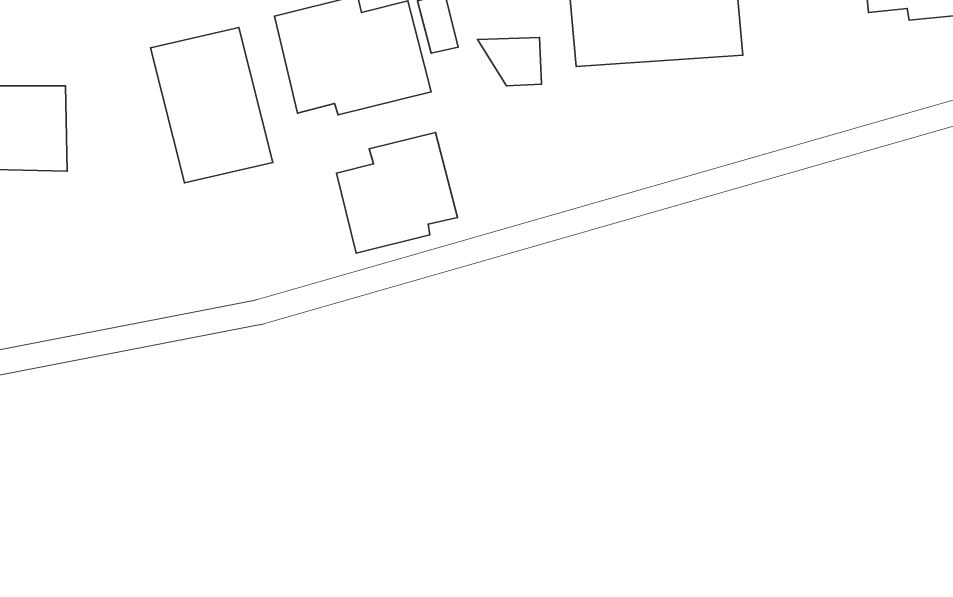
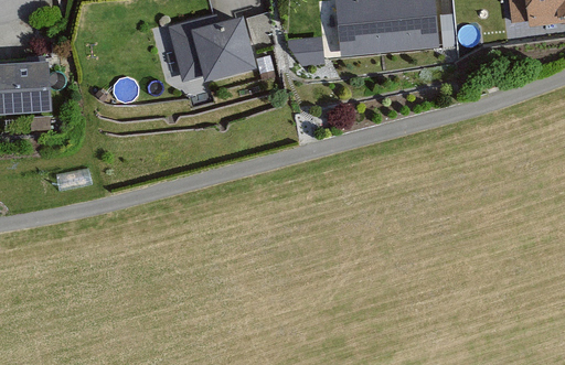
building: [151,28,273,183] -> none
building: [337,133,457,253] -> none

